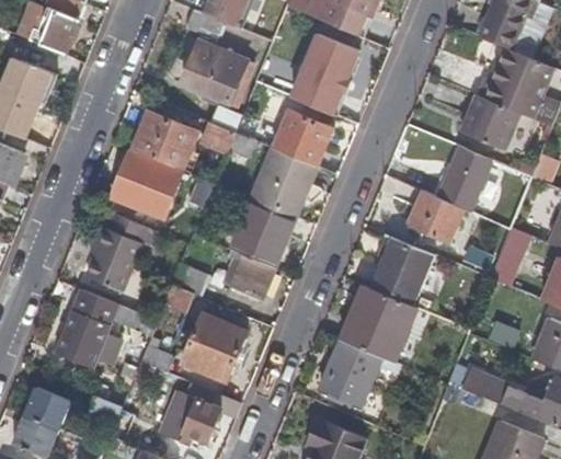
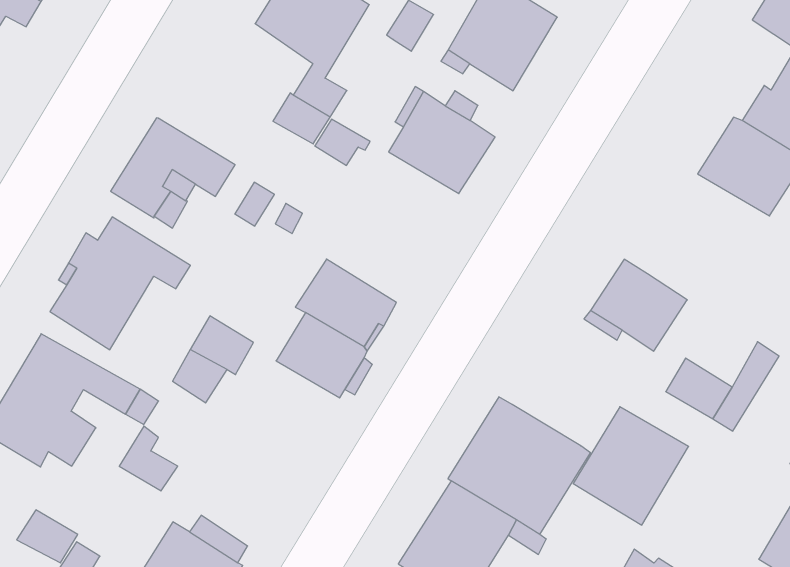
building: [130,111,197,171] -> none
building: [251,148,318,218] -> none
building: [438,148,492,211] -> none
building: [369,238,435,307] -> [573,407,689,525]
building: [183,313,245,382] -> none

